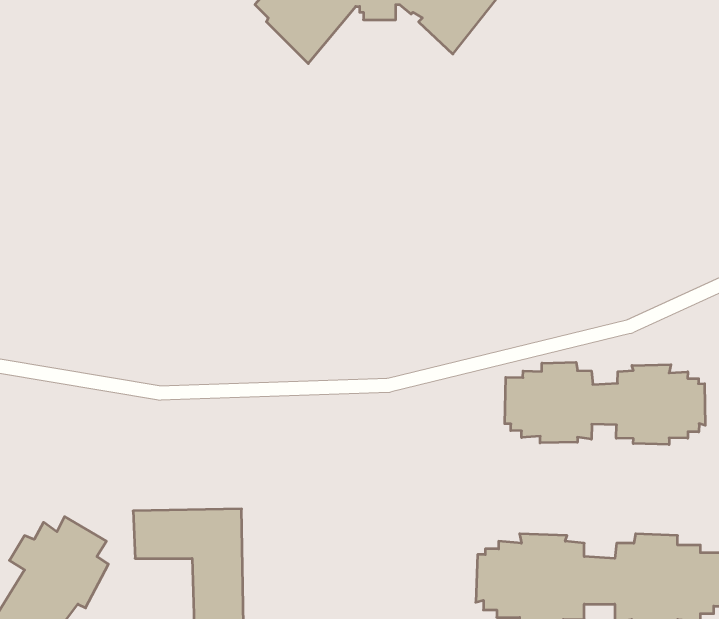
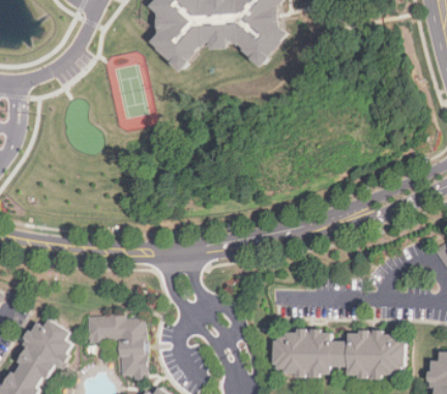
building: [505,362,705,445] -> none

